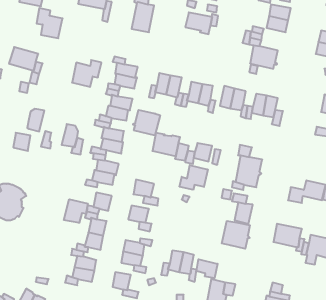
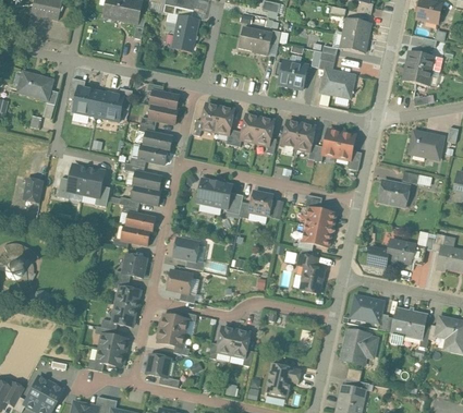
building: [37,8,63,38] -> [69,77,101,116]
building: none -> [278,61,308,88]
building: [27,109,44,131] -> [68,166,89,194]
building: [133,110,160,135] -> none
building: none -> [378,180,410,207]
building: [180,165,208,190] -> none
building: [64,199,88,223] -> none
building: [222,221,250,249] -> none
building: none -> [342,329,377,364]
building: [196,259,218,278] -> none

